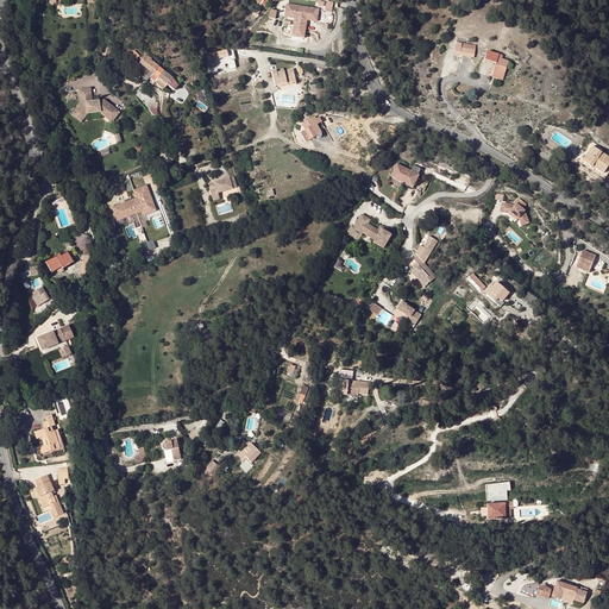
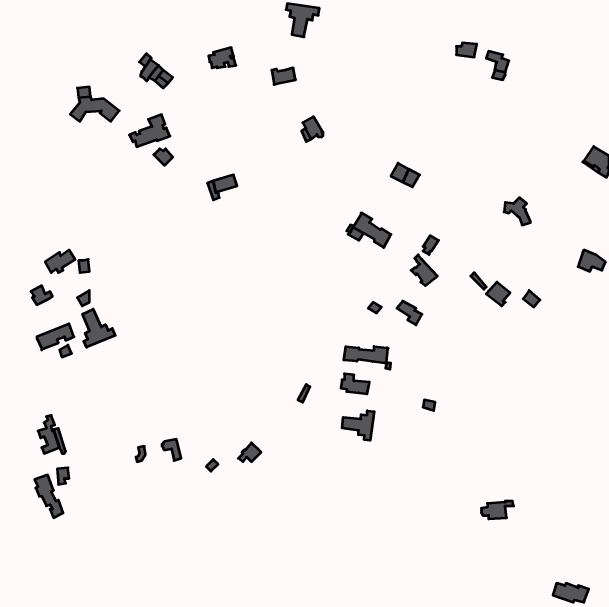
building: [114,186,155,218] -> [129,115,170,147]
building: none -> [83,309,115,347]
building: none -> [344,346,391,369]
building: none -> [342,411,374,440]

